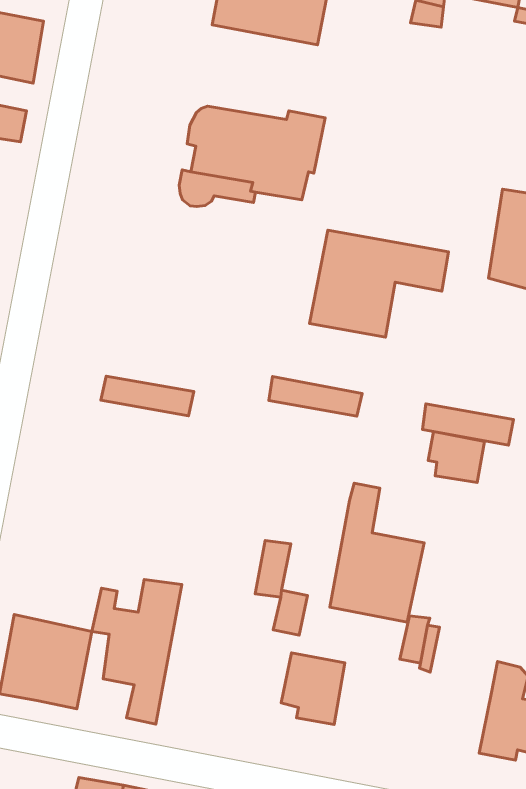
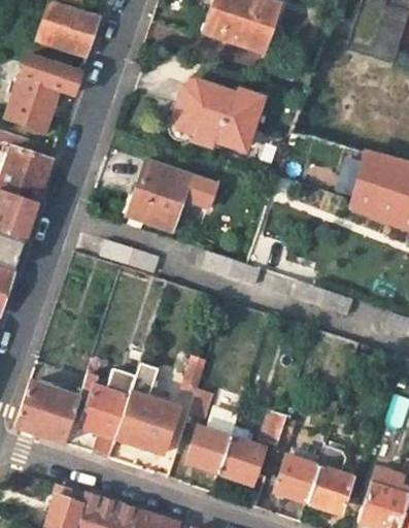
building: [310,230,448,337] -> [128,162,218,232]
building: [428,431,485,482] -> none
building: [330,483,424,622] -> [117,364,180,454]
building: none -> [220,435,265,480]
building: none -> [277,455,319,501]

